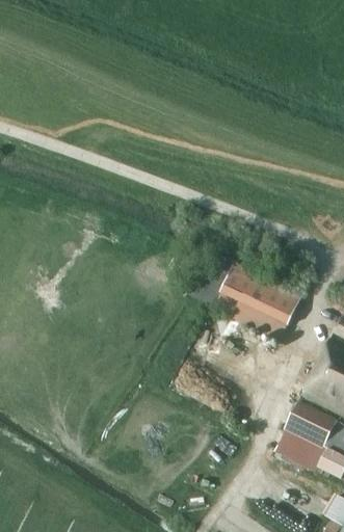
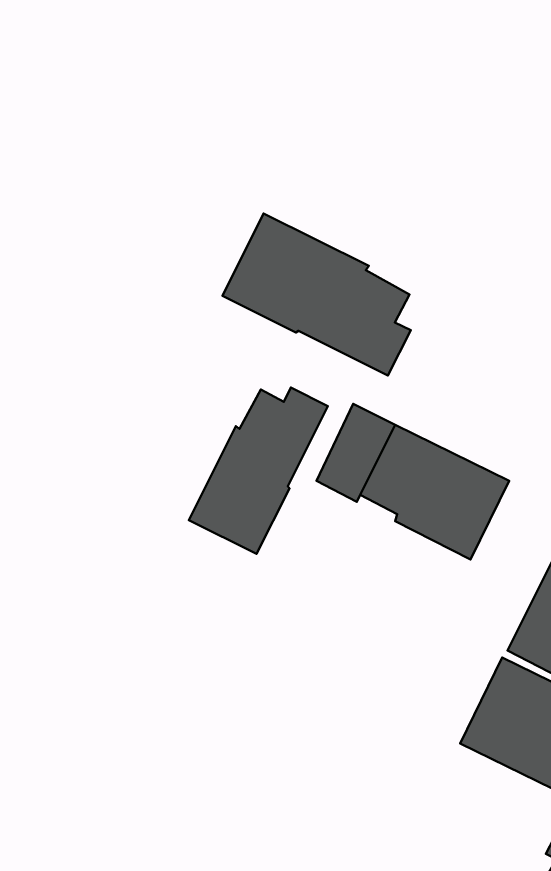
building: none -> [222,213,411,375]
building: none -> [189,387,328,554]

